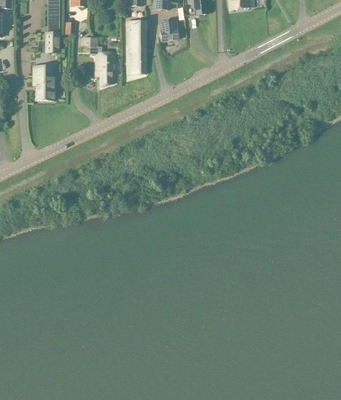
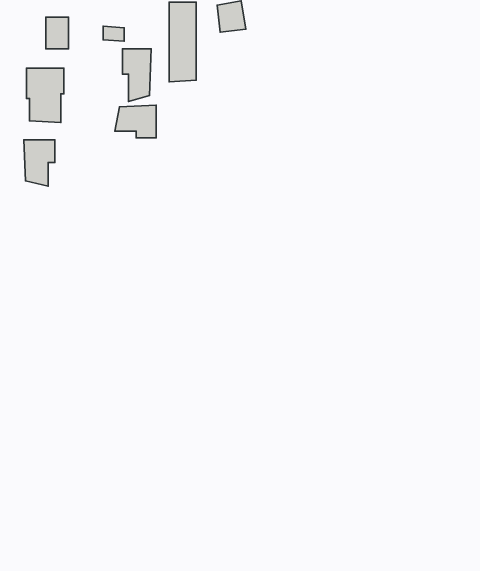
building: none -> [115,105,156,138]
building: none -> [24,140,55,186]

